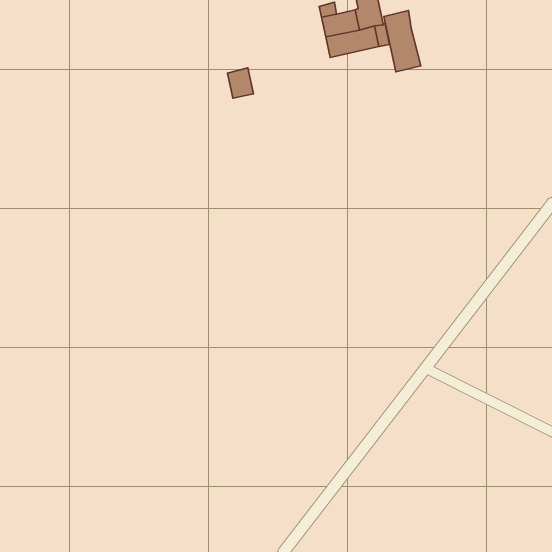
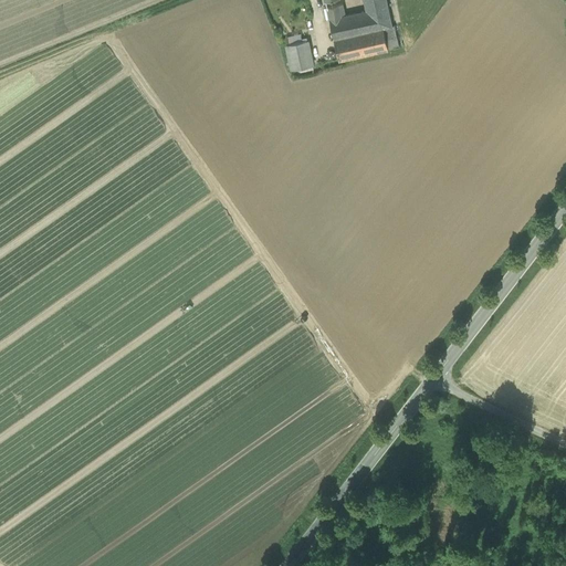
building: [384,11,421,72] -> none
building: [227,68,253,98] -> [285,39,312,70]

